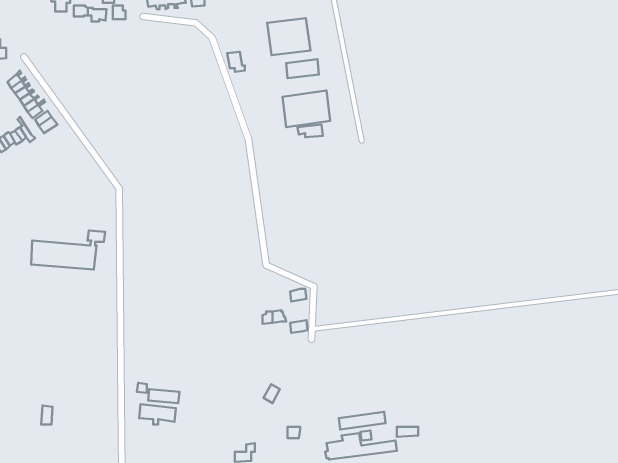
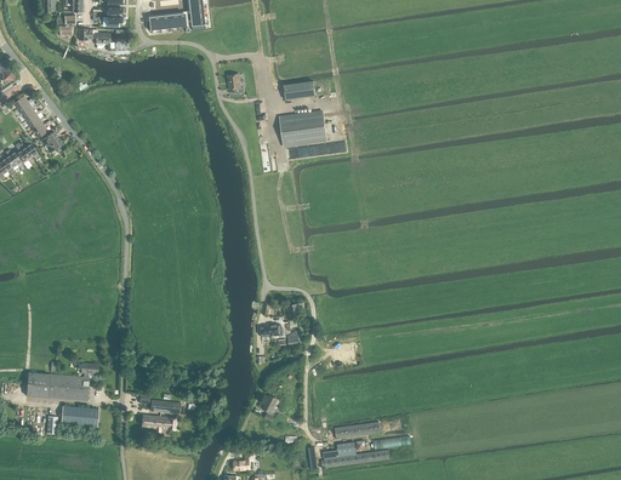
building: [267,18,310,55] -> none
building: [31,231,105,269] -> [25,361,97,399]
building: none -> [59,405,97,425]

